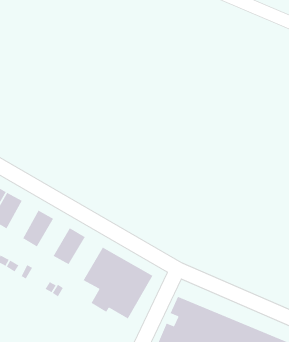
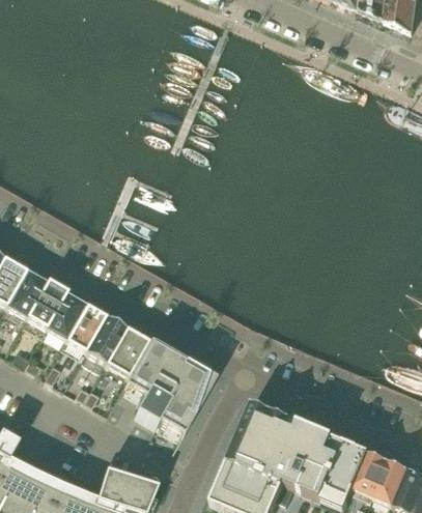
building: none -> [28,281,68,330]
building: none -> [67,304,109,352]
building: none -> [108,327,151,376]

